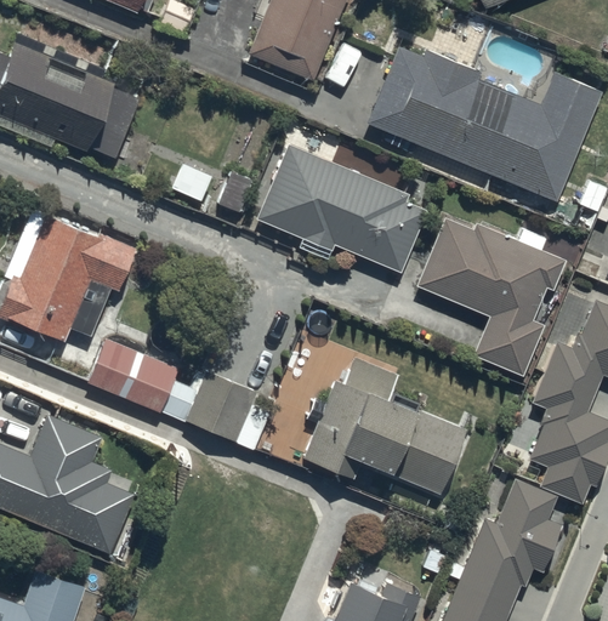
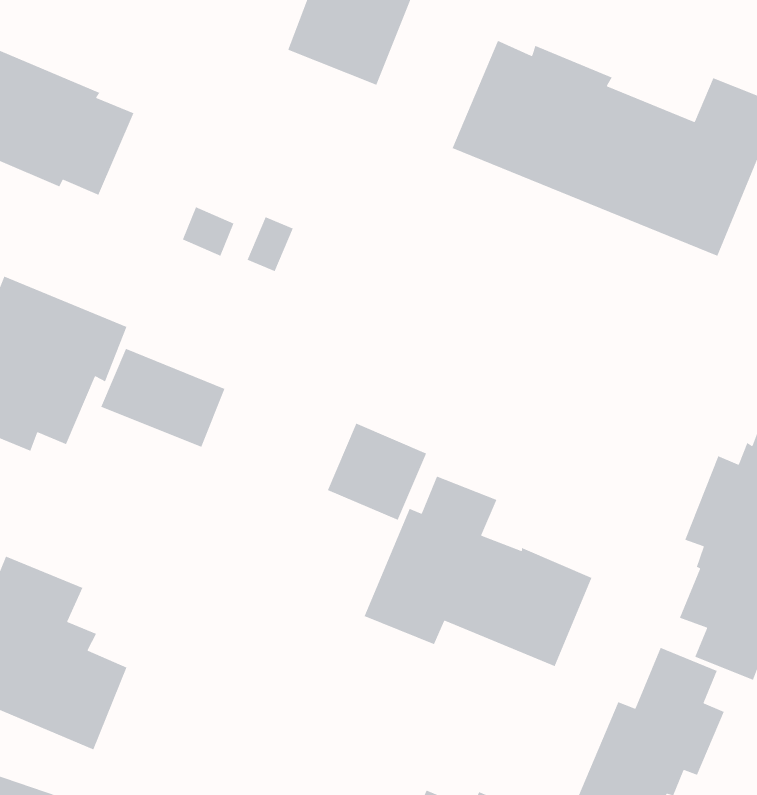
building: [257,144,426,272] -> none
building: [416,218,566,376] -> none
building: [89,340,178,411] -> [100,348,226,448]
building: [186,371,257,441] -> [327,423,427,521]

